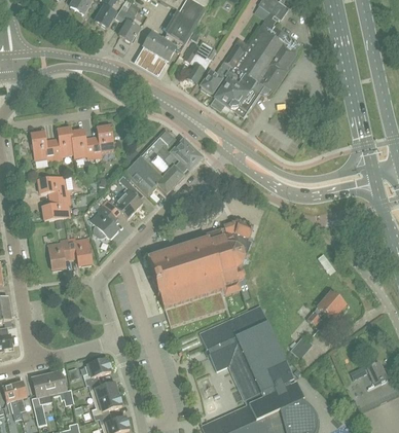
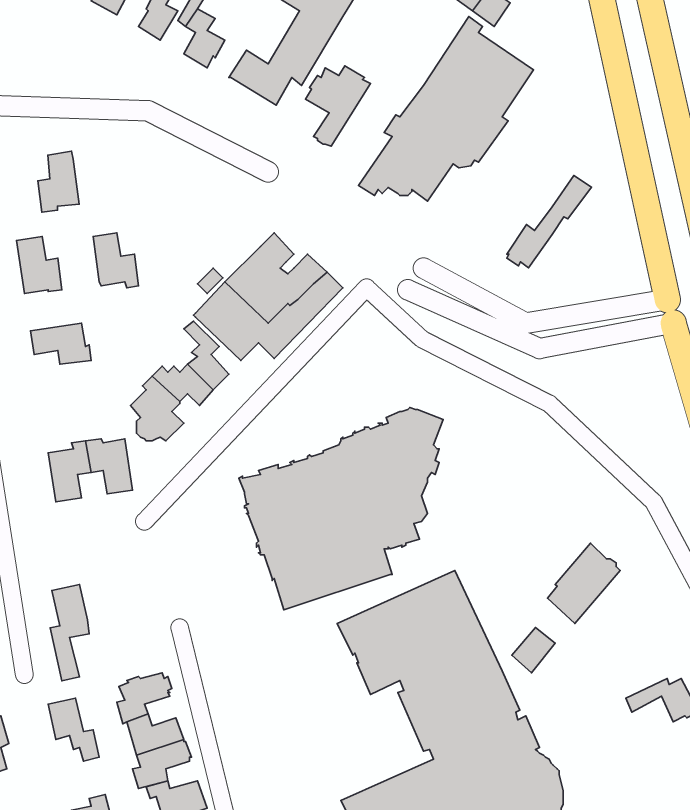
building: [199,45,244,94] -> [507,176,591,268]
building: [93,124,114,156] -> none
building: [52,127,74,158] -> [38,151,79,212]
building: [43,195,71,219] -> none
building: [32,375,52,426] -> [50,585,89,681]

